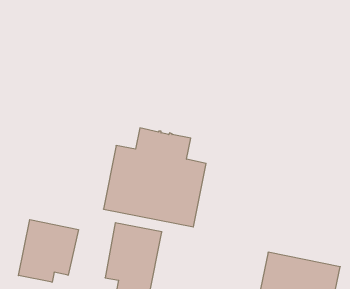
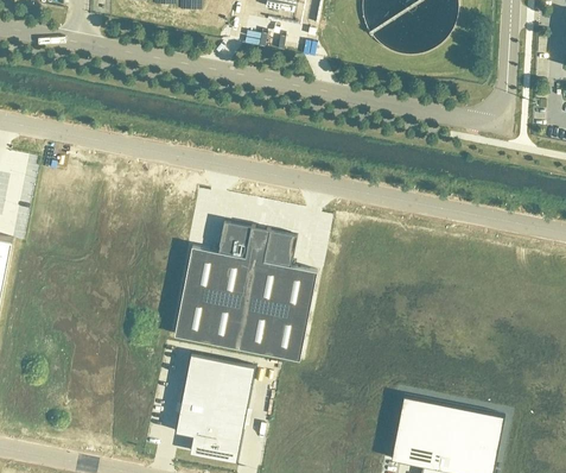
building: [18,220,78,282] -> none

